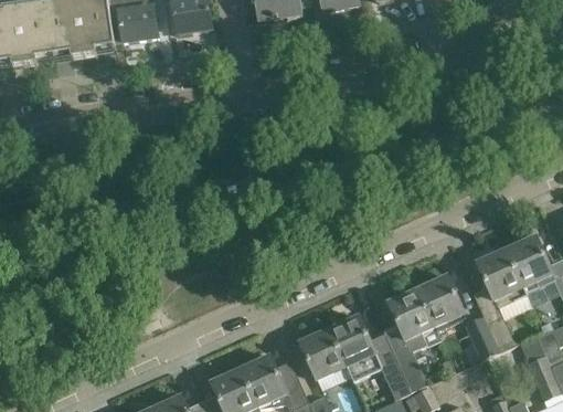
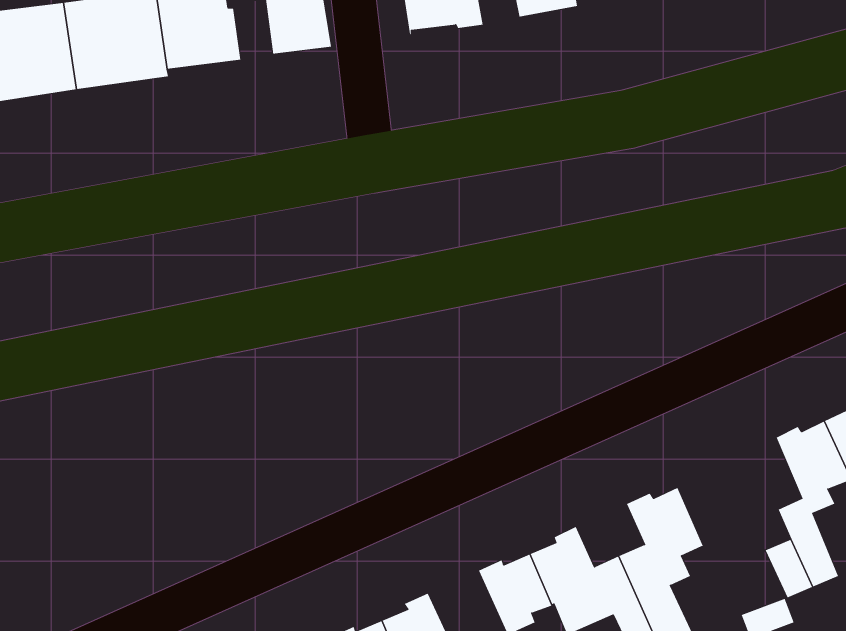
building: [418,275,464,327] -> none

